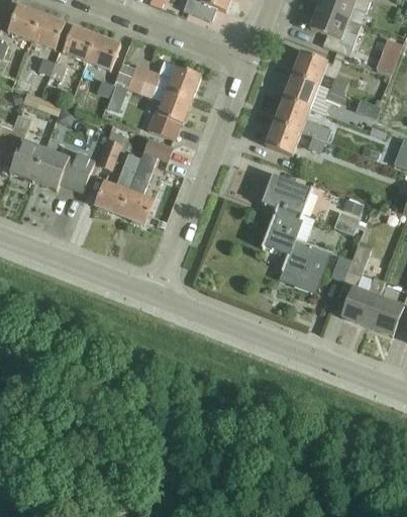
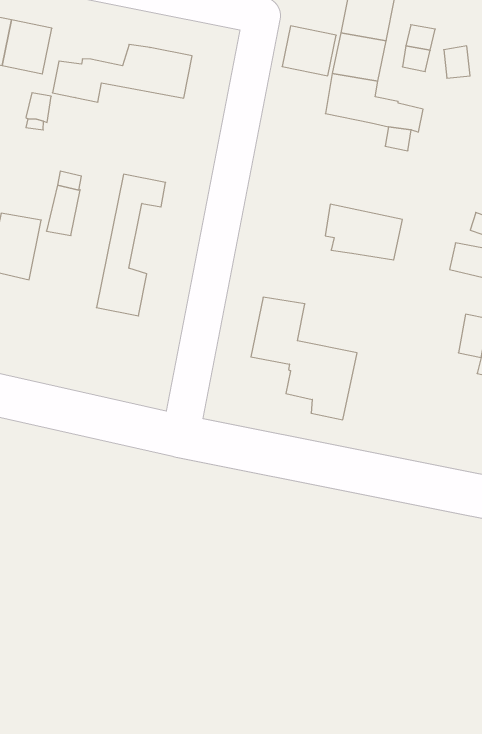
building: [140,81,192,138] -> none
building: [266,121,301,154] -> [282,26,336,76]
building: [95,137,148,214] -> none
building: [264,207,327,288] -> [251,297,357,420]

